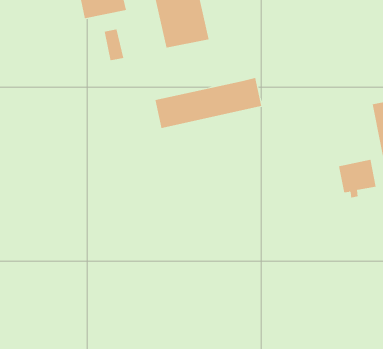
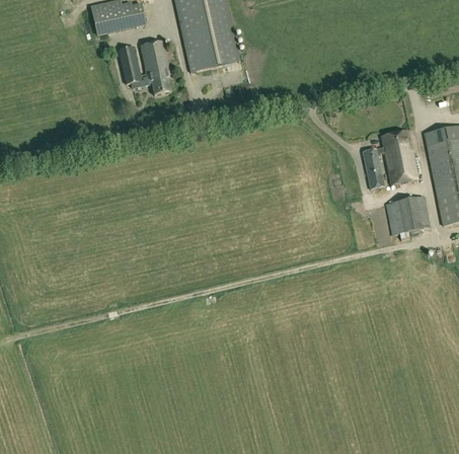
building: none -> [140,40,171,94]
building: [155,77,262,129] -> none
building: none -> [363,129,417,187]

